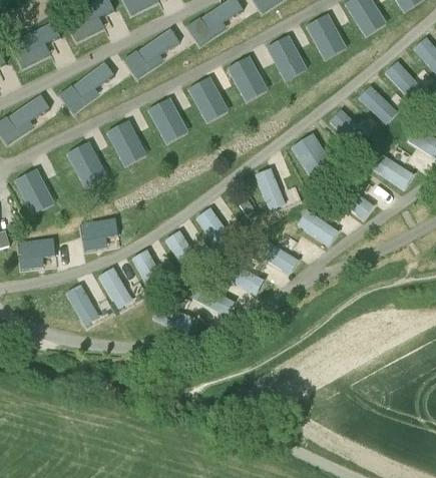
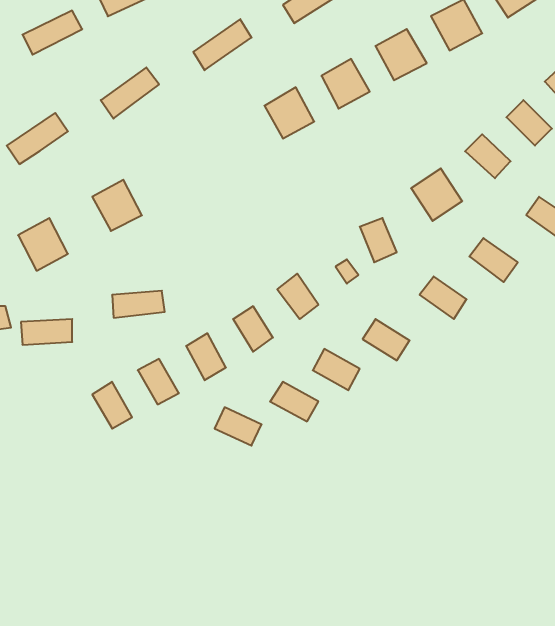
building: [148,99,183,135] -> none
building: [107,122,142,158] -> none

